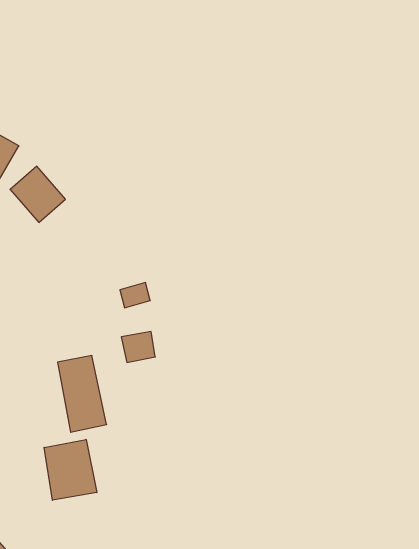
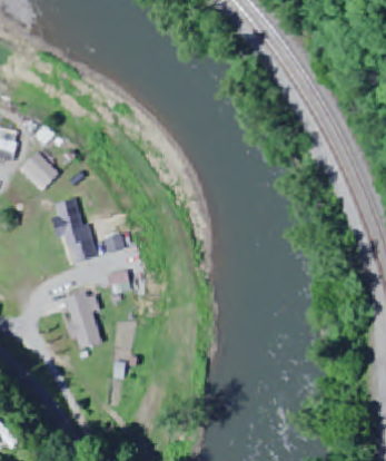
building: none -> [52,197,96,264]
building: [44,439,97,500] -> none

